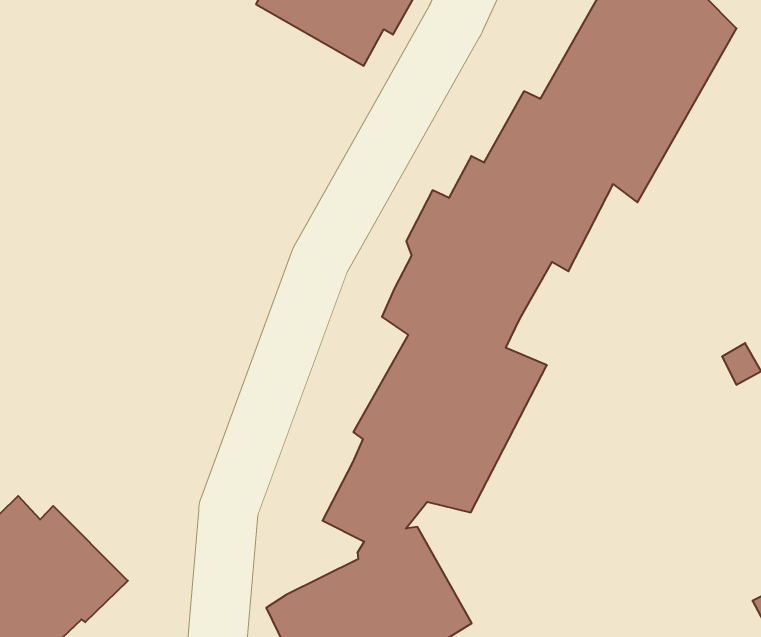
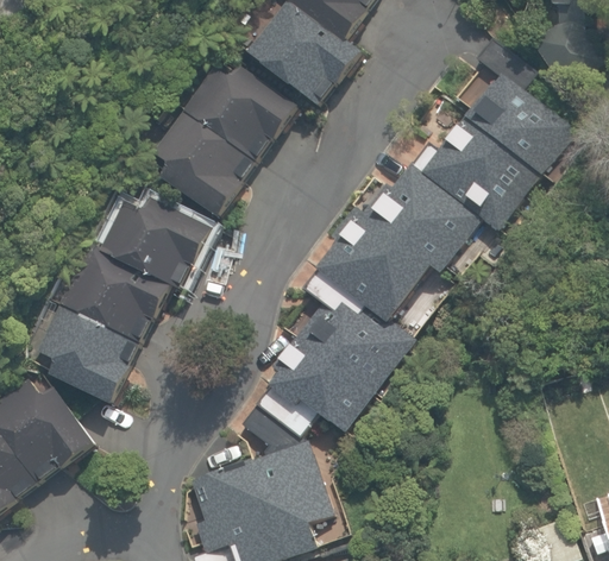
building: none -> [151,59,303,220]
building: none -> [36,196,216,405]

